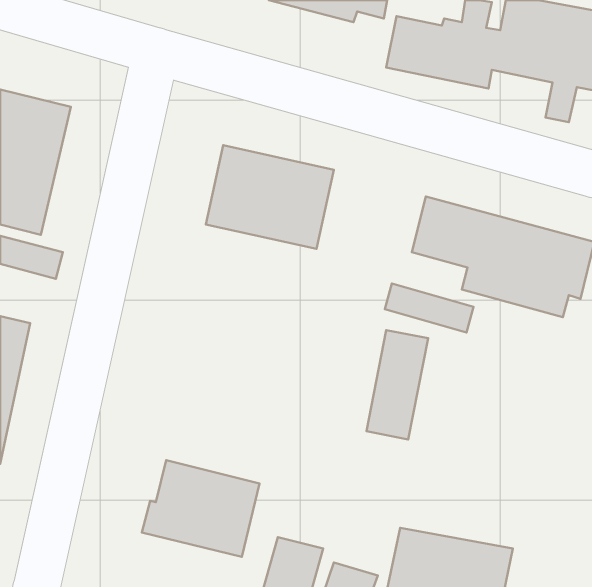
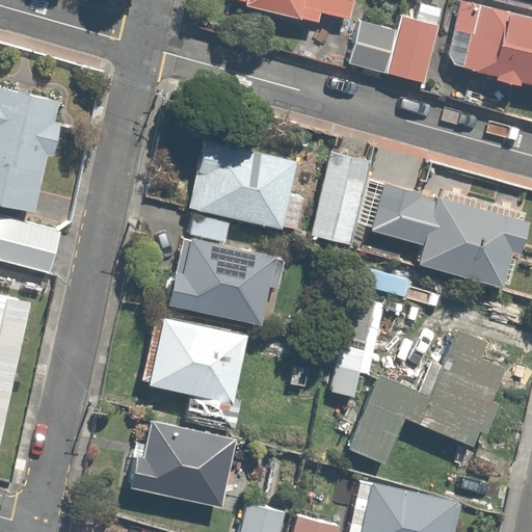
building: none -> [308,152,370,250]
building: none -> [167,218,290,326]
building: none -> [148,315,248,430]
building: none -> [353,328,508,468]

